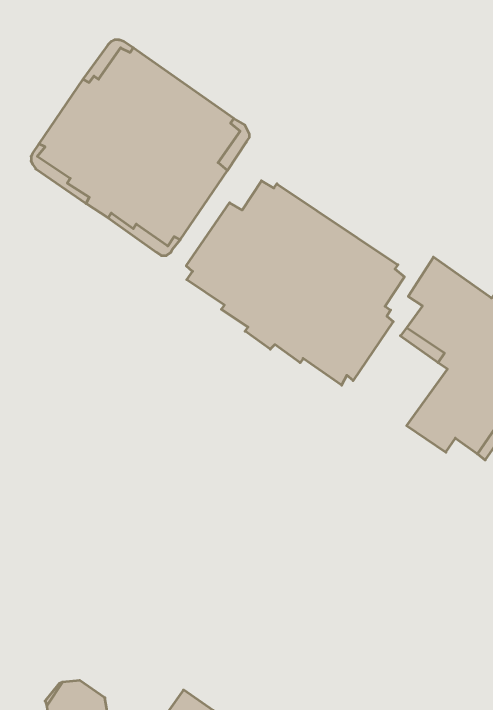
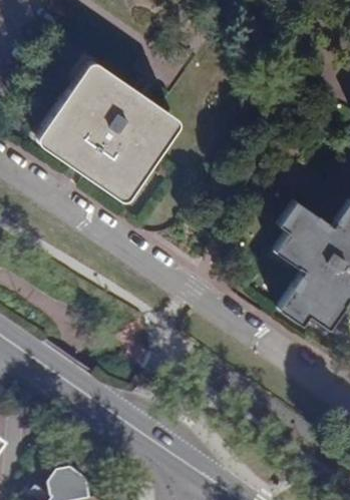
building: [186,181,404,385] -> none

